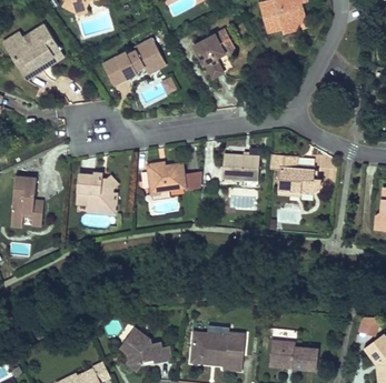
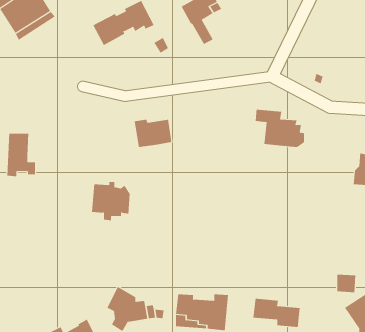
building: [224,149,261,184] -> none
building: [80,170,120,210] -> [91,181,130,221]

